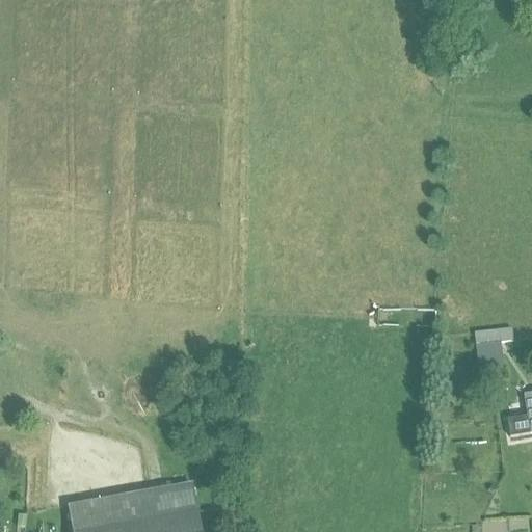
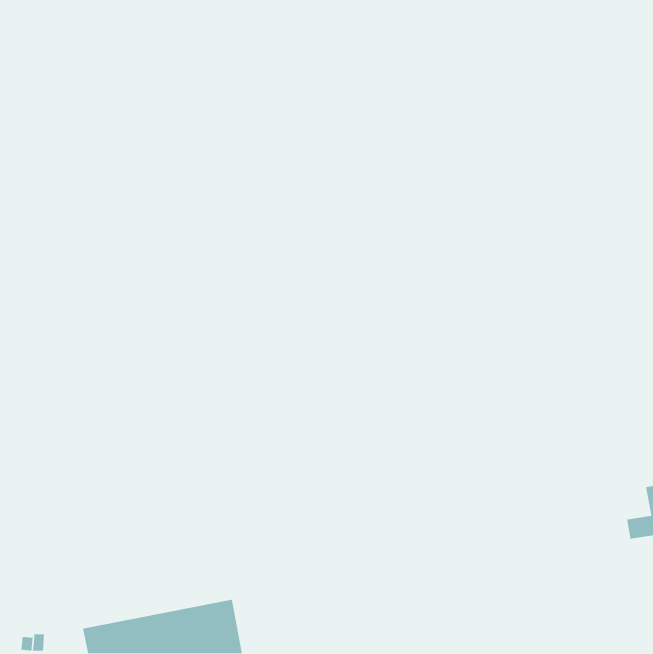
building: [475,326,514,370] -> none

